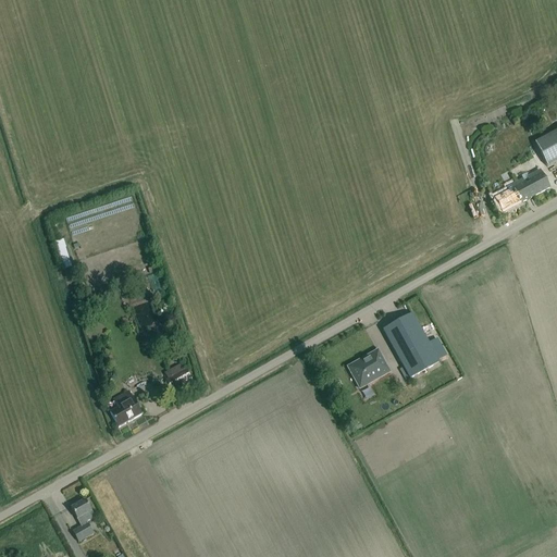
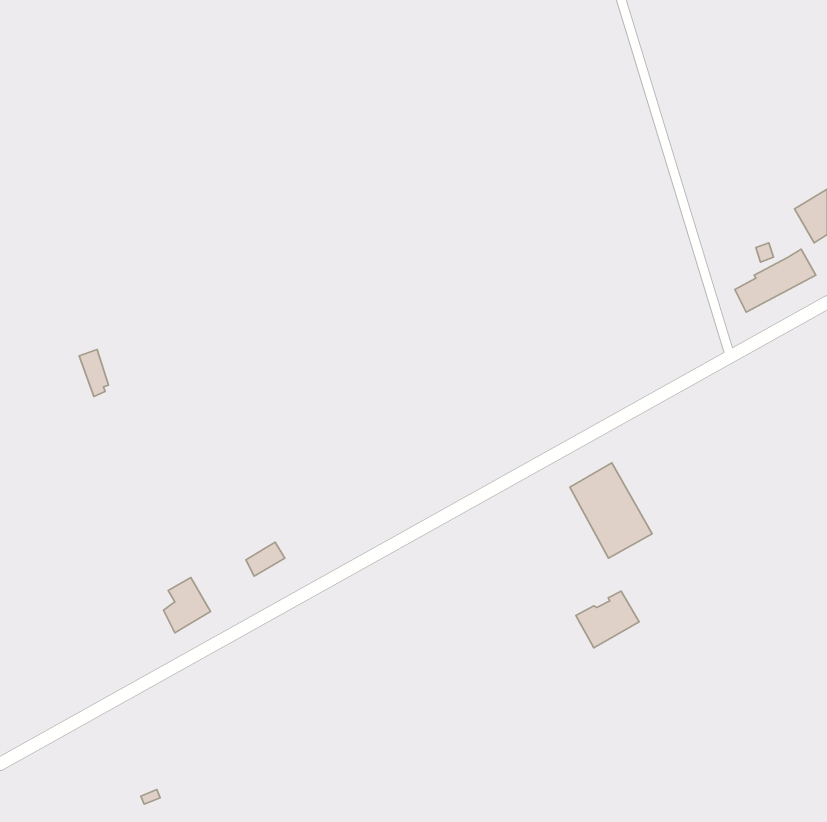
building: [347,348,389,386] -> [576,591,639,648]
building: [71,497,95,539] -> none

